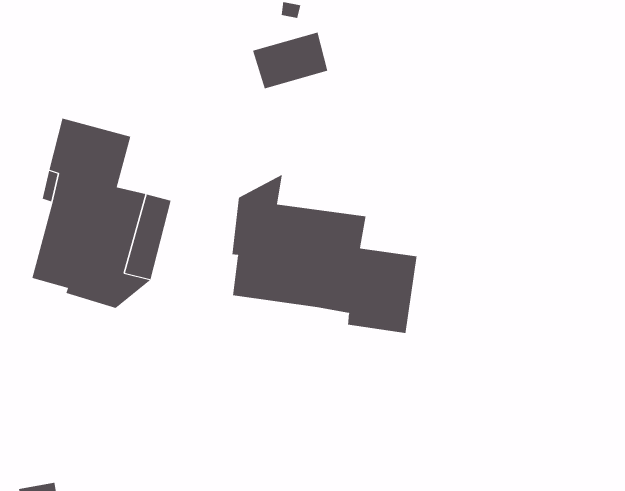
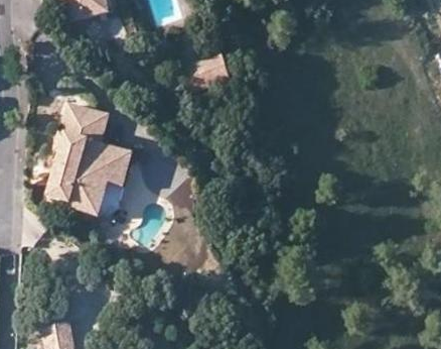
building: [232,174,417,334] -> none

